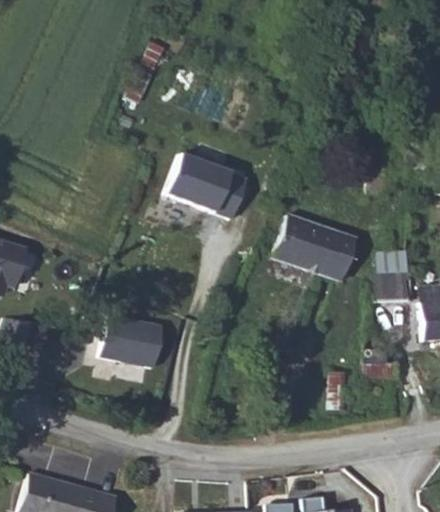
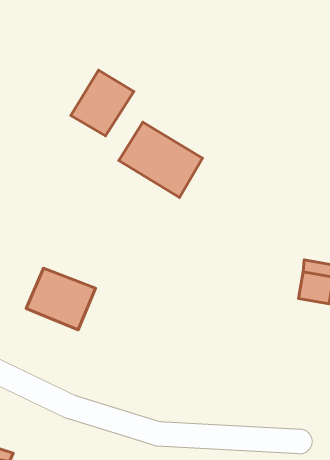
building: none -> [71,70,134,136]
building: [278,214,361,278] -> none

